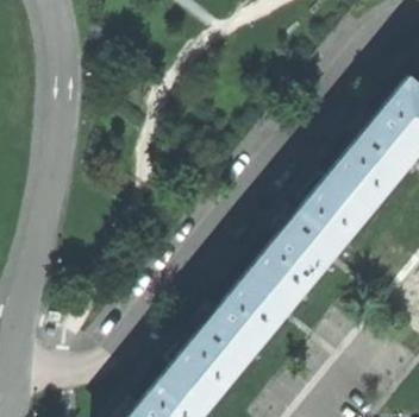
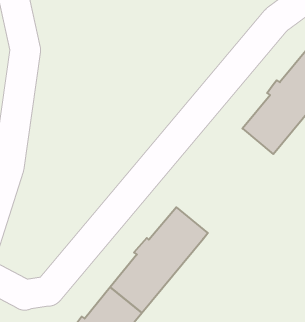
building: [251,178,368,304] -> none

